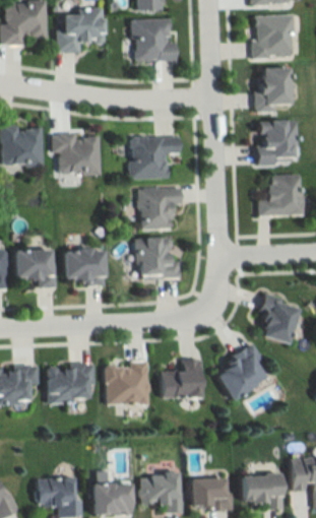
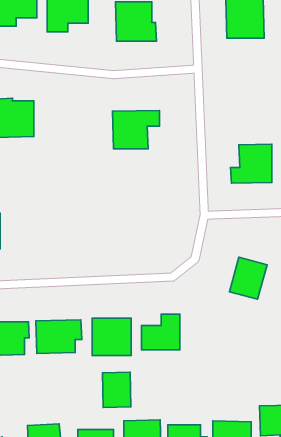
building: [256,68,290,113] -> none
building: [257,120,296,165] -> none
building: [57,134,103,176] -> none
building: [140,188,183,231] -> none
building: [136,238,181,279] -> none
building: [64,249,105,285] -> none
building: [13,250,57,287] -> none
building: [213,346,266,398] -> none
building: none -> [103,372,131,408]

